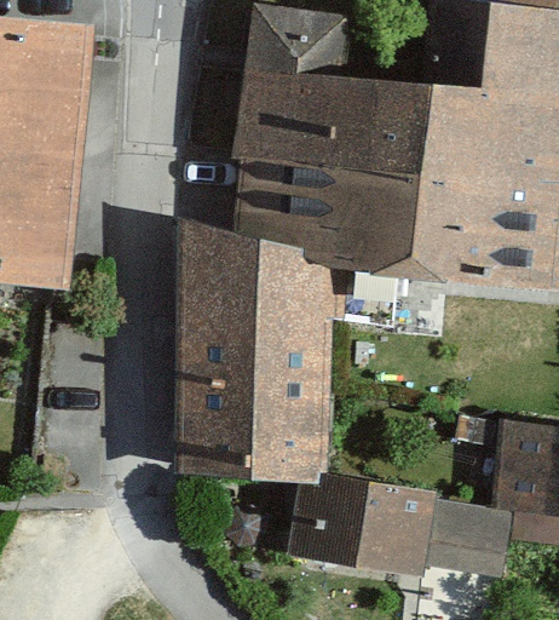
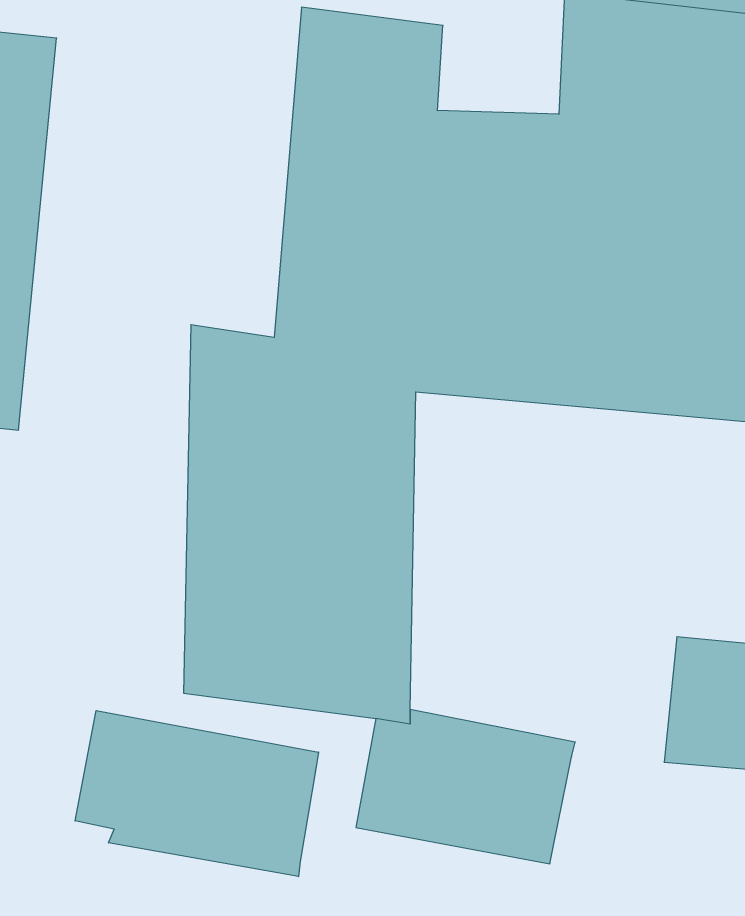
building: none -> [75,711,319,877]
building: [421,506,509,579] -> none

